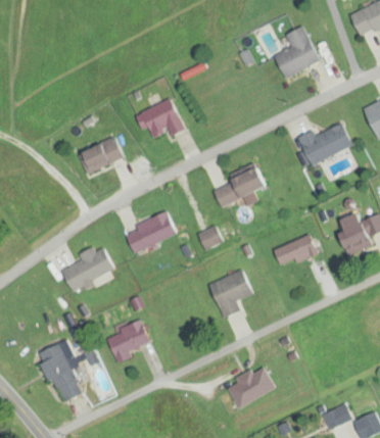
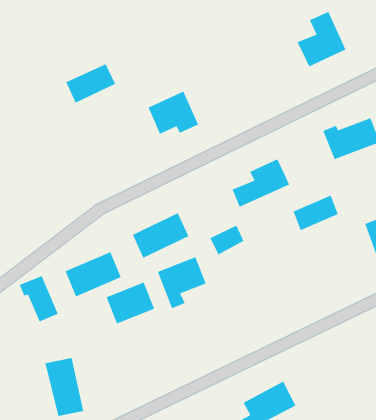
building: [76,138,123,176] -> [65,63,116,104]
building: [274,235,317,269] -> [293,195,339,231]
building: none -> [19,275,59,322]
building: [207,270,253,319] -> [157,256,207,309]
building: [104,321,150,360] -> [105,281,155,325]

